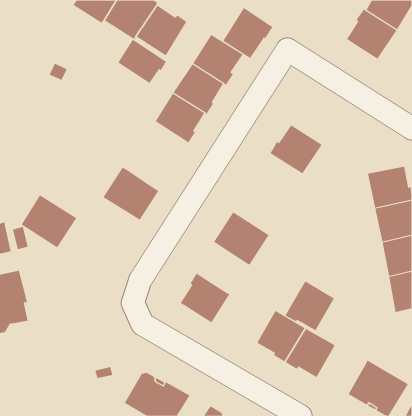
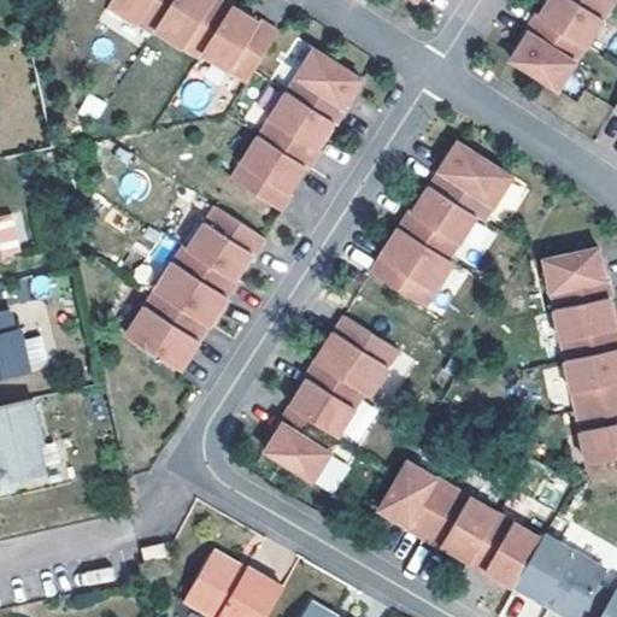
building: [223,7,274,59] -> none
building: [118,39,167,84] -> none
building: none -> [430,140,513,219]
building: none -> [186,208,264,281]
building: none -> [371,227,454,306]
building: [21,194,77,248] -> [124,292,207,371]
building: none -> [290,358,365,434]
building: [284,281,335,331] -> [466,511,541,586]

